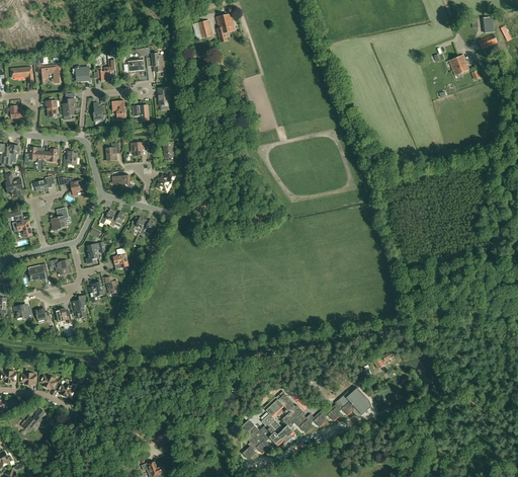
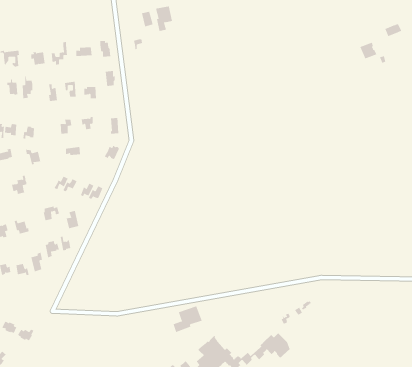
building: none -> [173,306,203,333]

